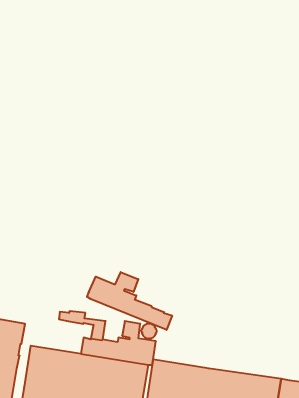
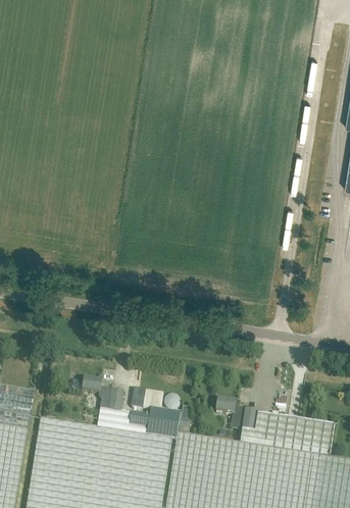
building: [87,272,172,330] -> none
building: none -> [215,401,333,458]

